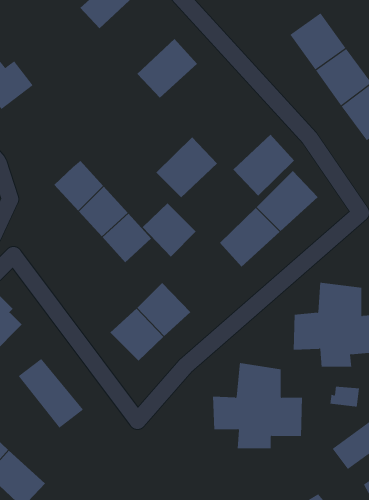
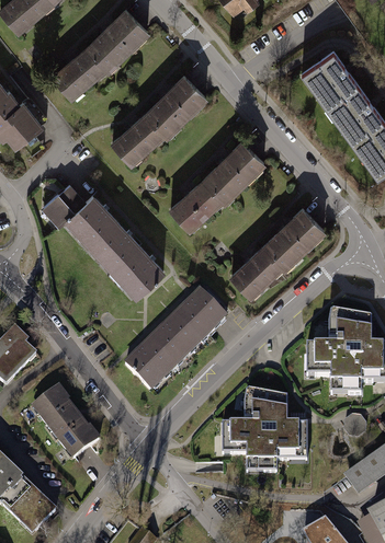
building: none -> [56,45,112,99]
building: none -> [111,109,171,169]
building: [232,134,295,196] -> [203,136,264,197]
building: none -> [44,183,86,223]
building: [142,203,197,257] -> [173,289,227,343]

